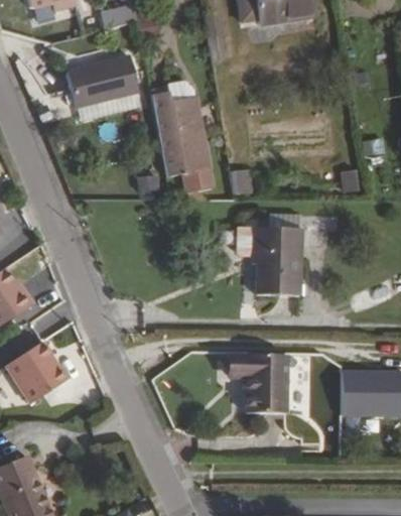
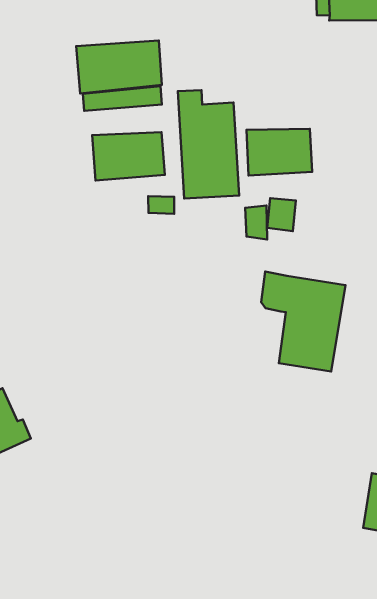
building: none -> [246,129,312,175]
building: none -> [92,132,165,181]
building: [233,353,286,413] -> none

